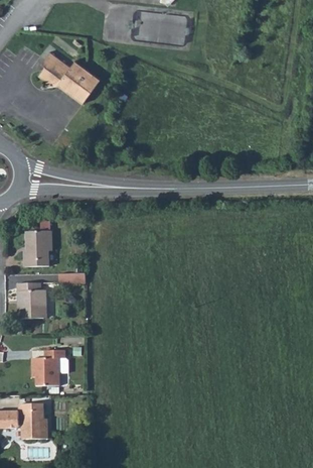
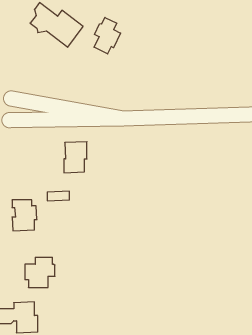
building: none -> [94,17,121,54]
building: [24,230,51,266] -> [64,142,87,173]

